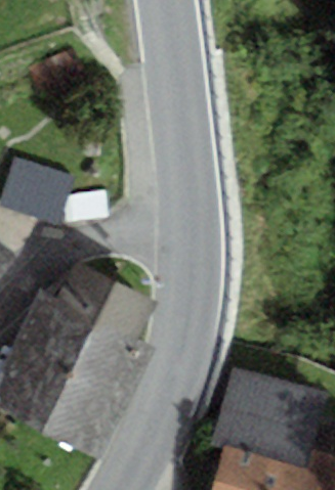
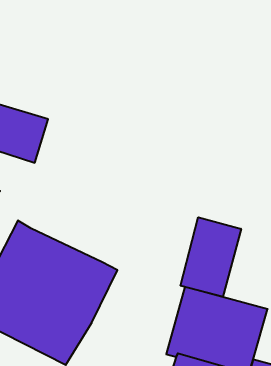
building: [54,262,155,341] -> none
building: none -> [181,217,241,297]

